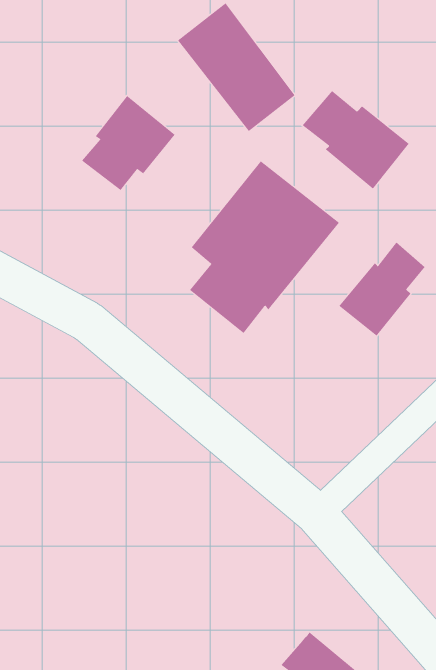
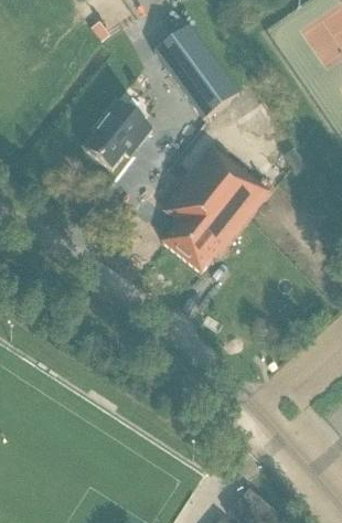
building: [302,90,409,189] -> none
building: [339,241,426,336] -> none

